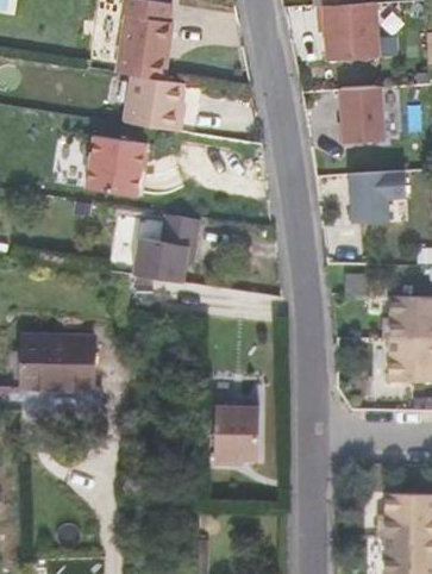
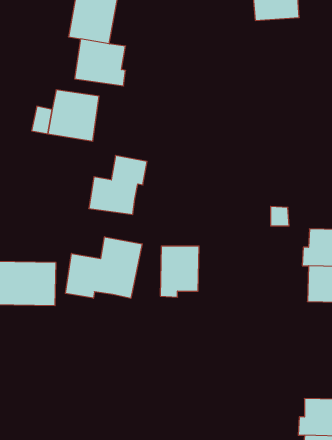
building: [339,82,384,138] -> none
building: [349,168,407,220] -> none
building: none -> [65,237,142,298]
building: [215,406,261,466] -> [160,246,199,297]

